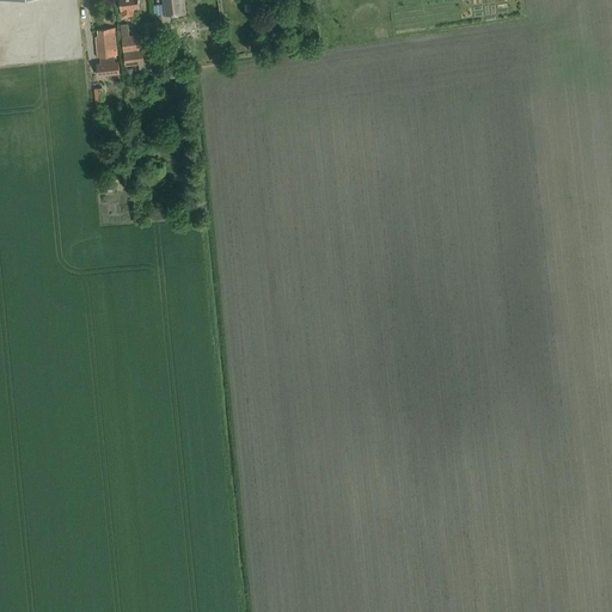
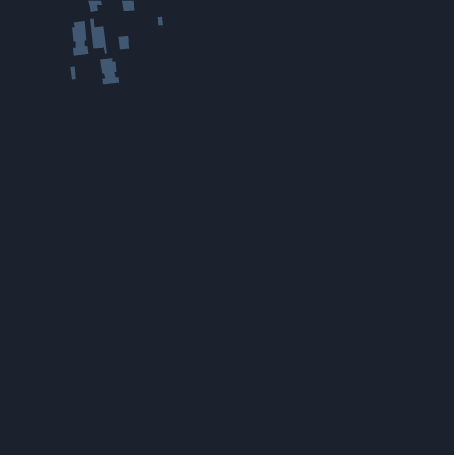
building: none -> [99,57,120,85]

